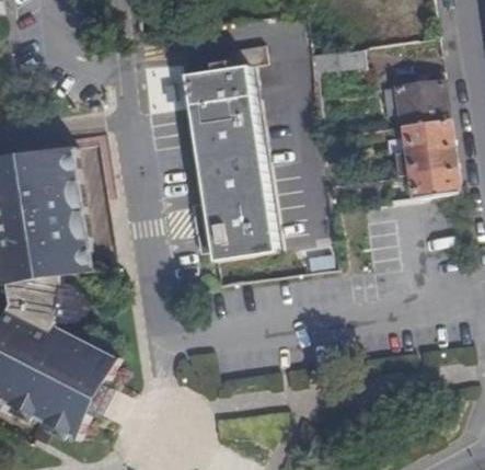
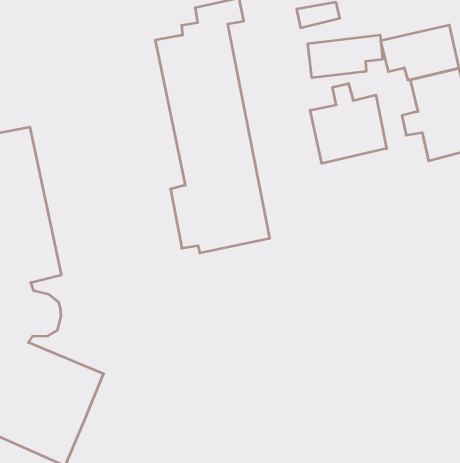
building: none -> [308,35,382,78]
building: none -> [310,83,387,163]

